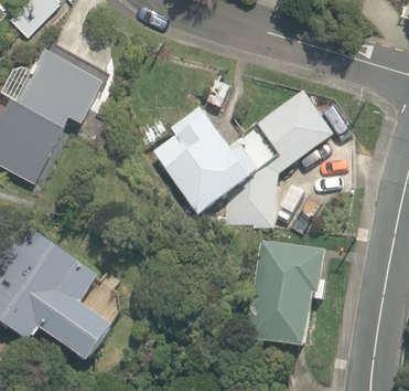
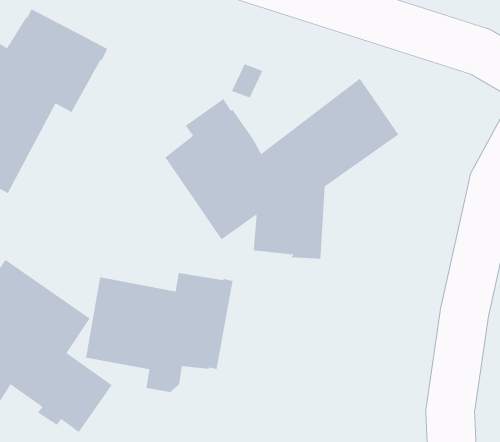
building: none -> [85,272,233,393]
building: [244,242,325,349] -> none

